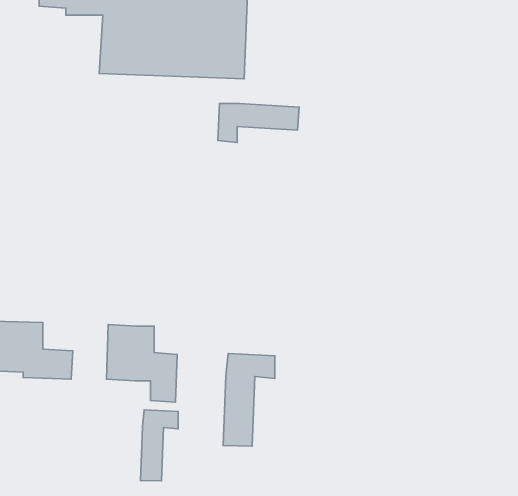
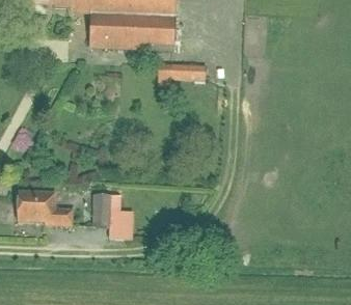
building: [223,354,275,446] -> none
building: [140,410,178,481] -> none

